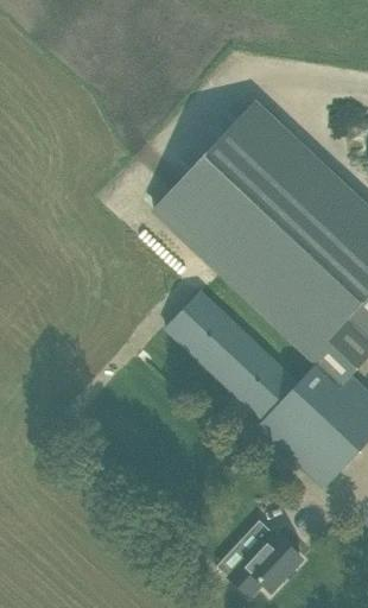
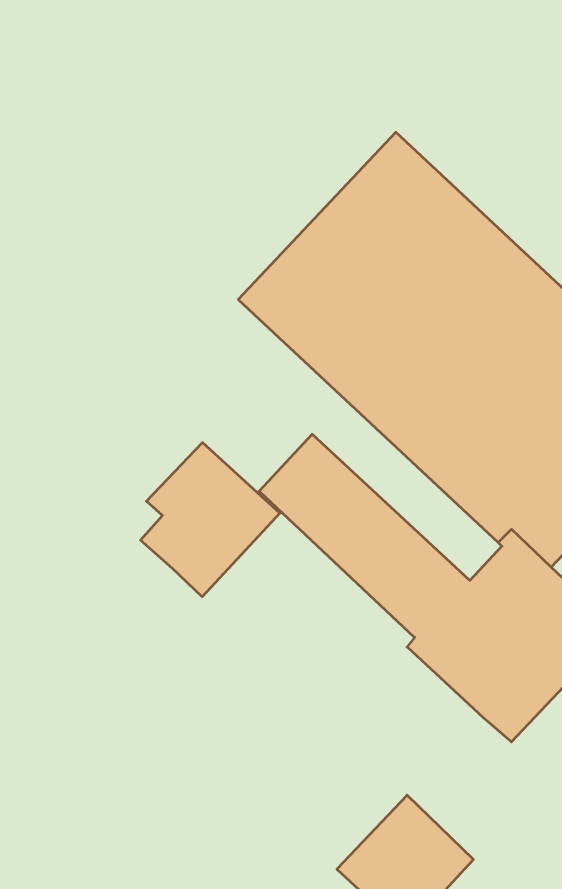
building: none -> [141,443,280,597]

